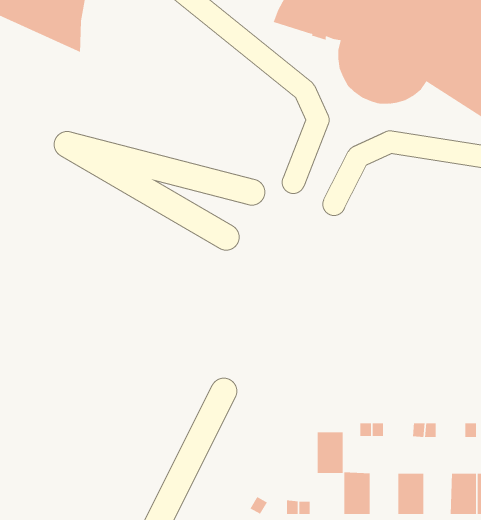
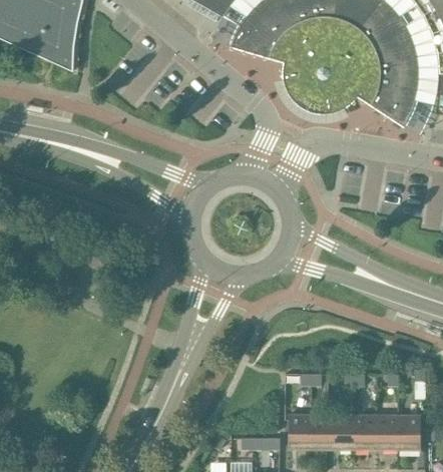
building: [317,432,344,473] -> [309,414,331,448]
building: none -> [353,414,375,448]

